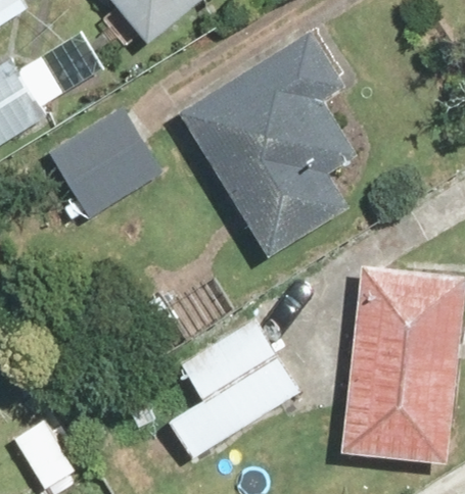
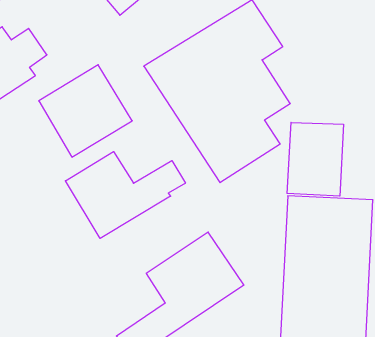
building: none -> [287,122,343,196]
building: none -> [65,152,185,238]

